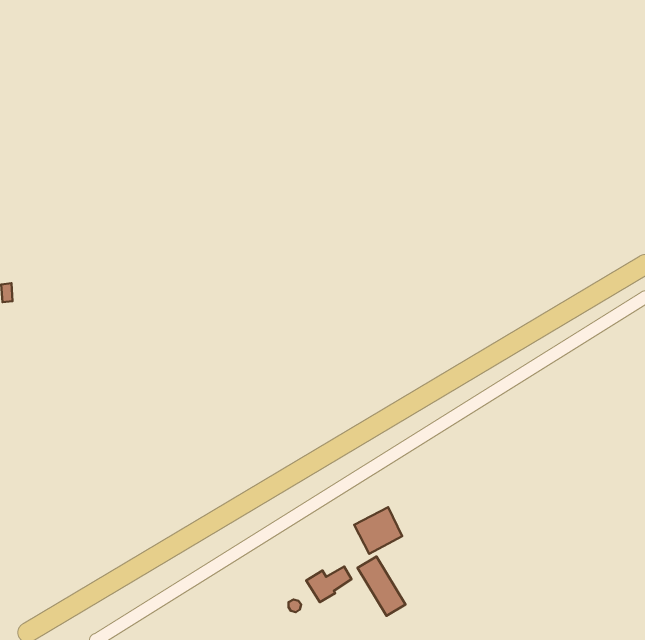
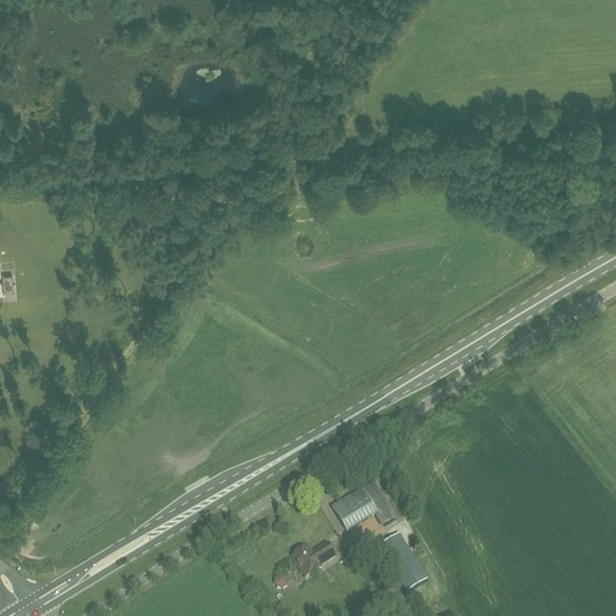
building: [357,556,406,616] -> [379,531,425,587]

